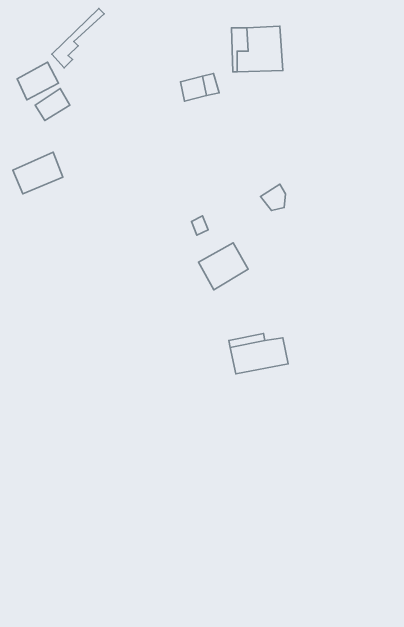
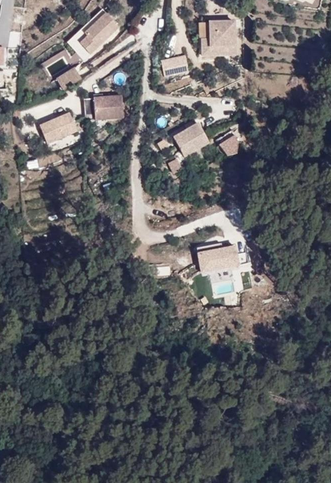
building: none -> [80,12,119,52]
building: none -> [93,95,123,119]
building: [198,243,248,290] -> [173,122,209,156]

